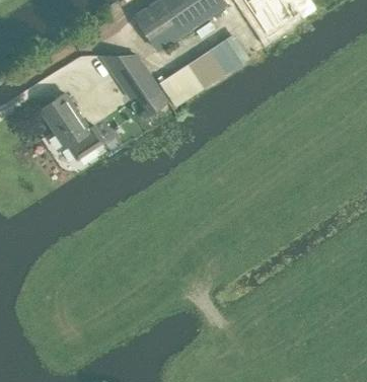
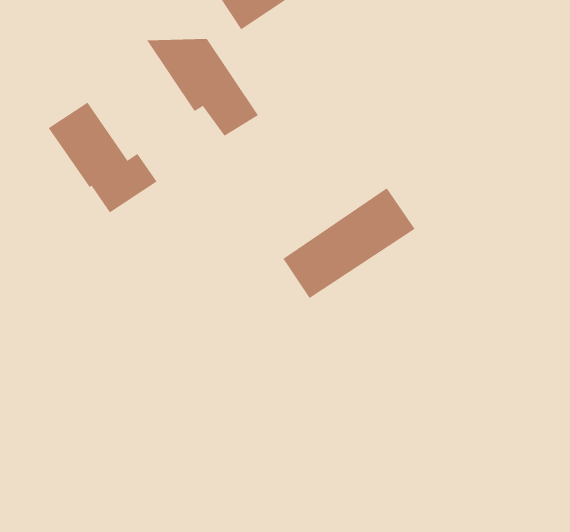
building: [159,41,240,108] -> [282,187,415,299]

